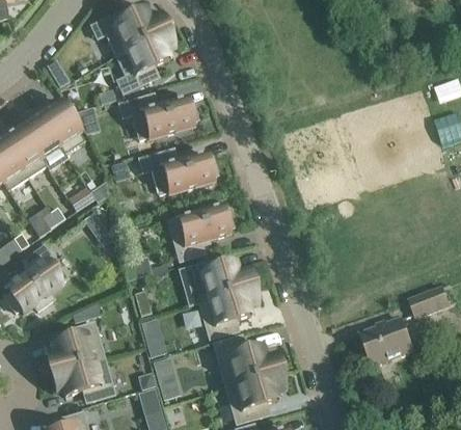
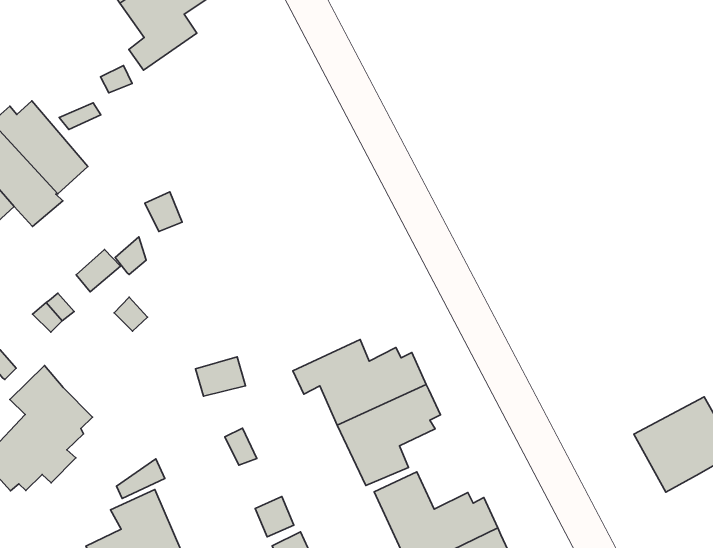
building: [118,92,196,137] -> none
building: [138,149,217,193] -> none
building: [167,205,233,260] -> none

